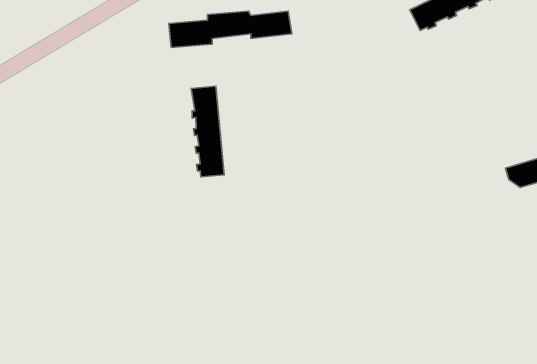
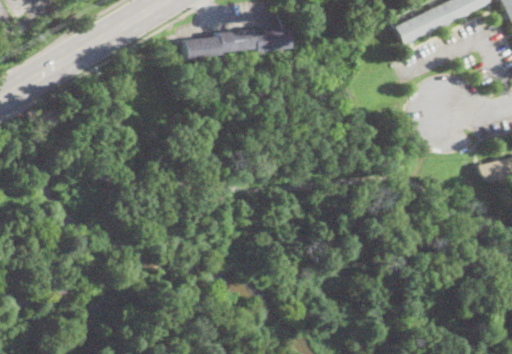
building: [191,86,224,177] -> none

